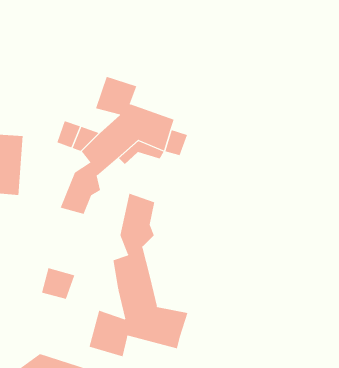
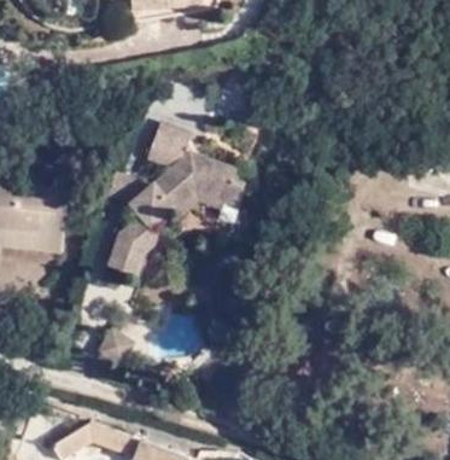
building: [89,193,188,357] -> none

